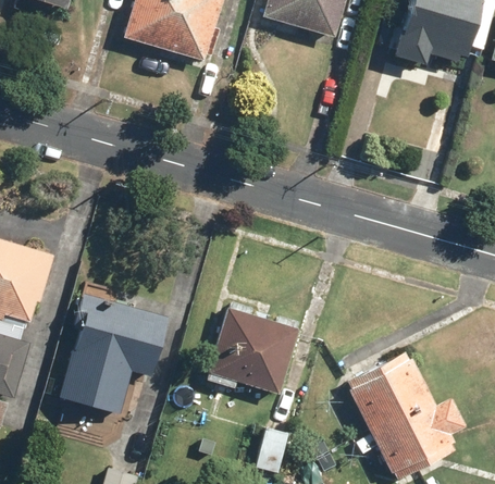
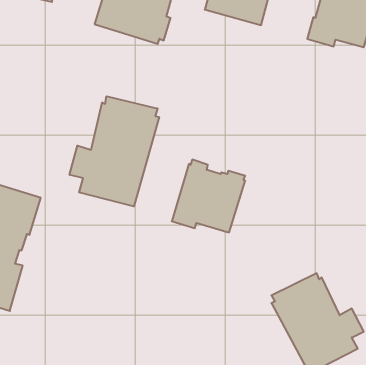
building: none -> [70,96,159,206]
building: [58,291,166,413] -> none
building: [206,300,299,393] -> [172,160,245,232]

